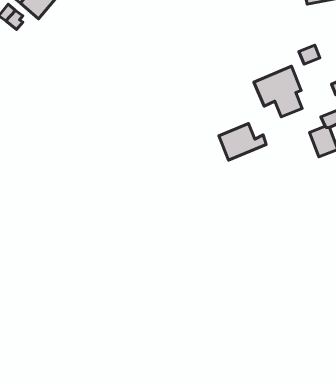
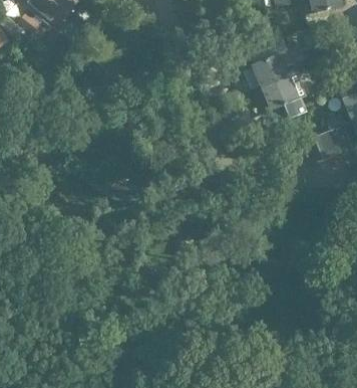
building: [219,123,266,160] -> [251,50,296,85]

